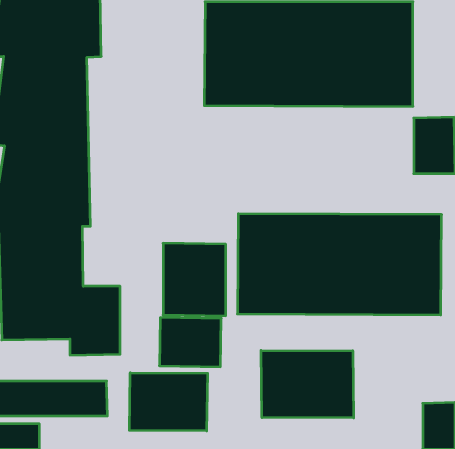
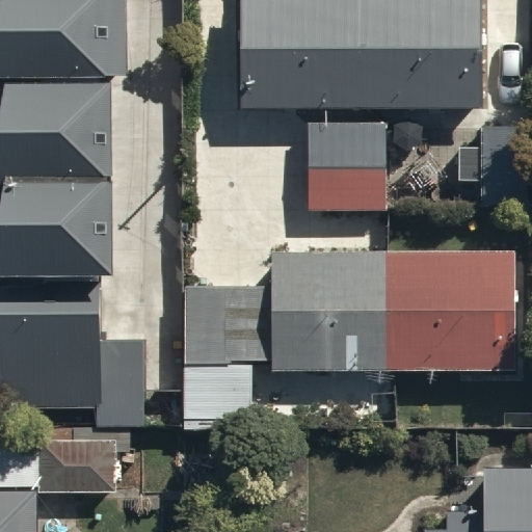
building: none -> [304,133,385,215]
building: [261,350,354,418] -> none
building: [129,373,208,431] -> none

